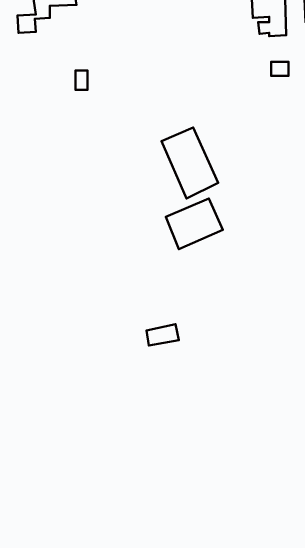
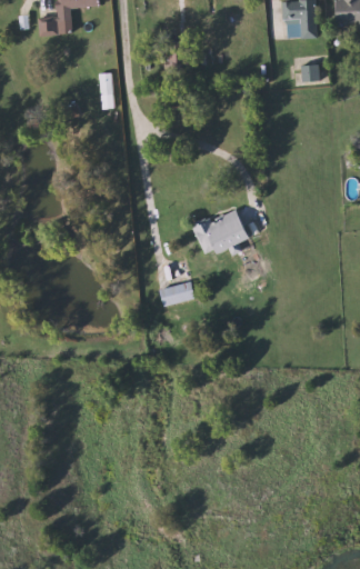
building: [161,128,218,198] -> none
building: [147,324,179,346] -> [160,282,193,305]

